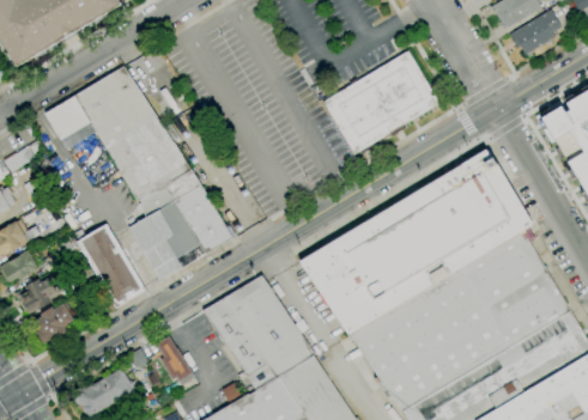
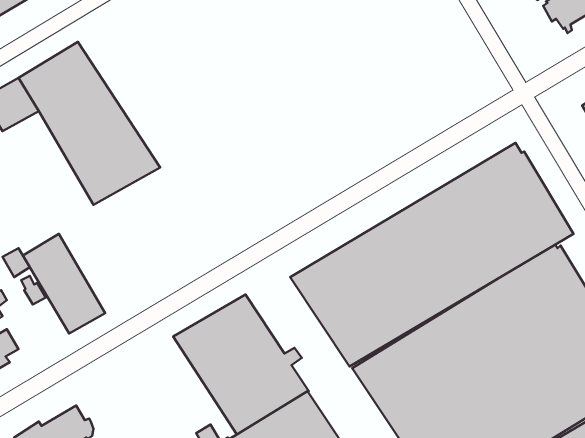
building: [322,49,440,153] -> none
building: [128,169,232,280] -> none
building: [157,336,195,384] -> none

